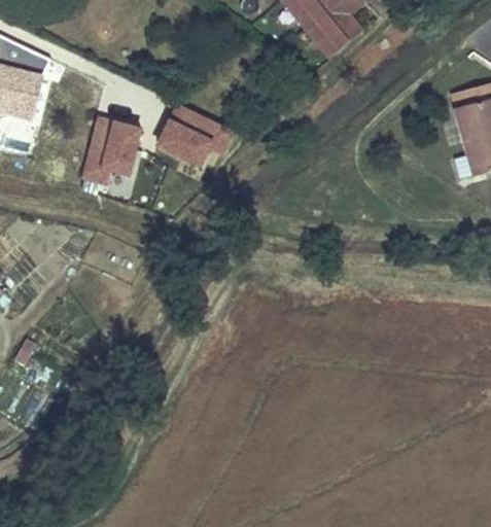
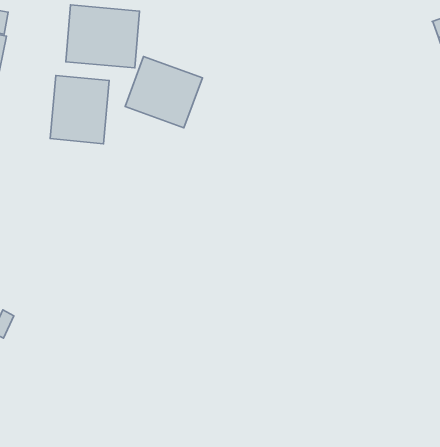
building: none -> [66,5,140,68]

